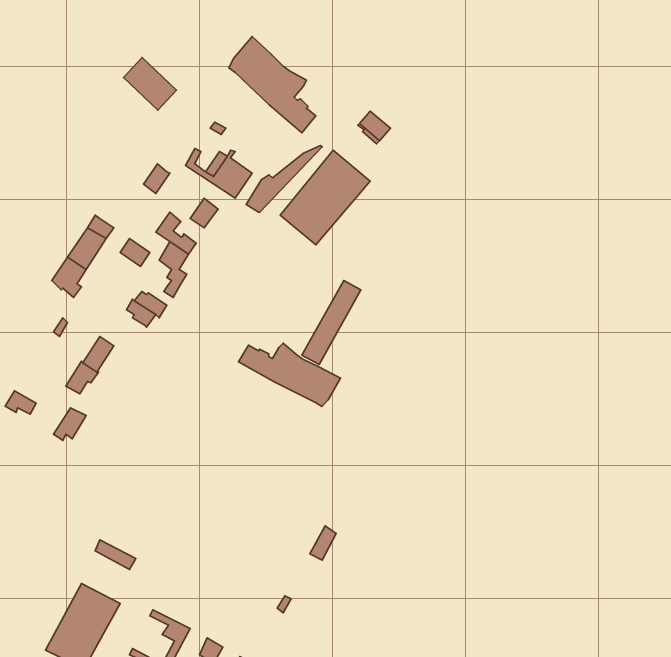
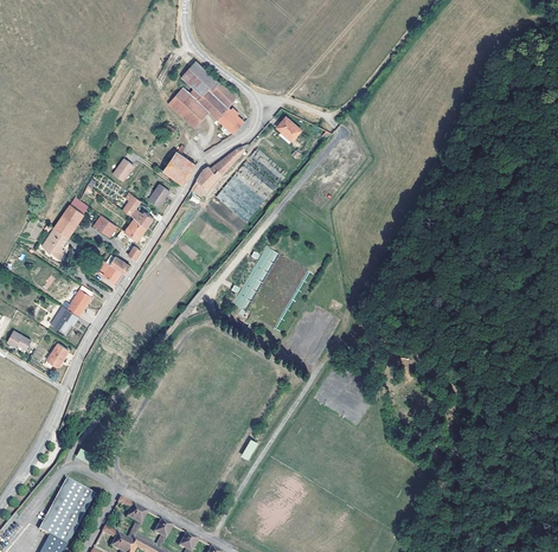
building: [124,57,176,110] -> [167,89,207,129]
building: [239,343,341,406] -> none

